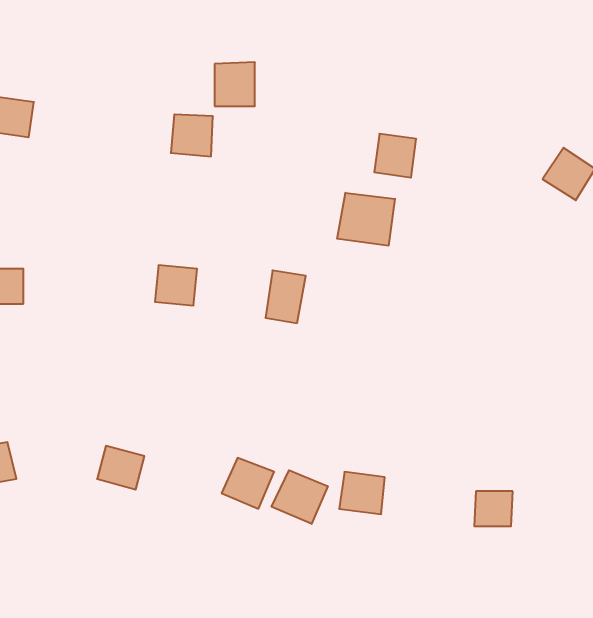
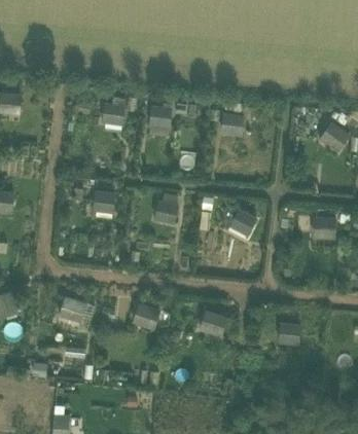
building: [215,62,255,106] -> [149,106,173,132]
building: [337,193,395,246] -> none
building: none -> [228,208,258,239]
building: none -> [312,216,336,240]
building: [272,470,328,524] -> none

